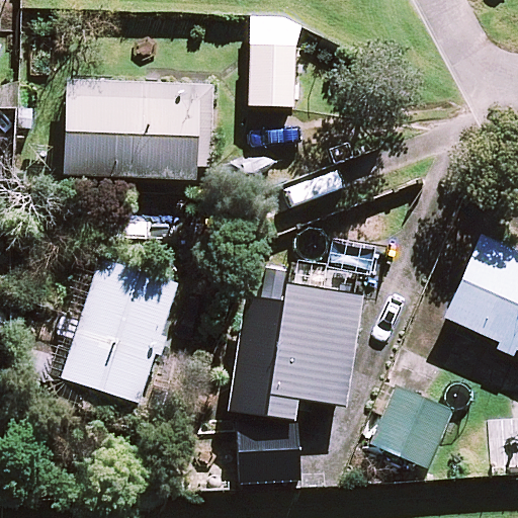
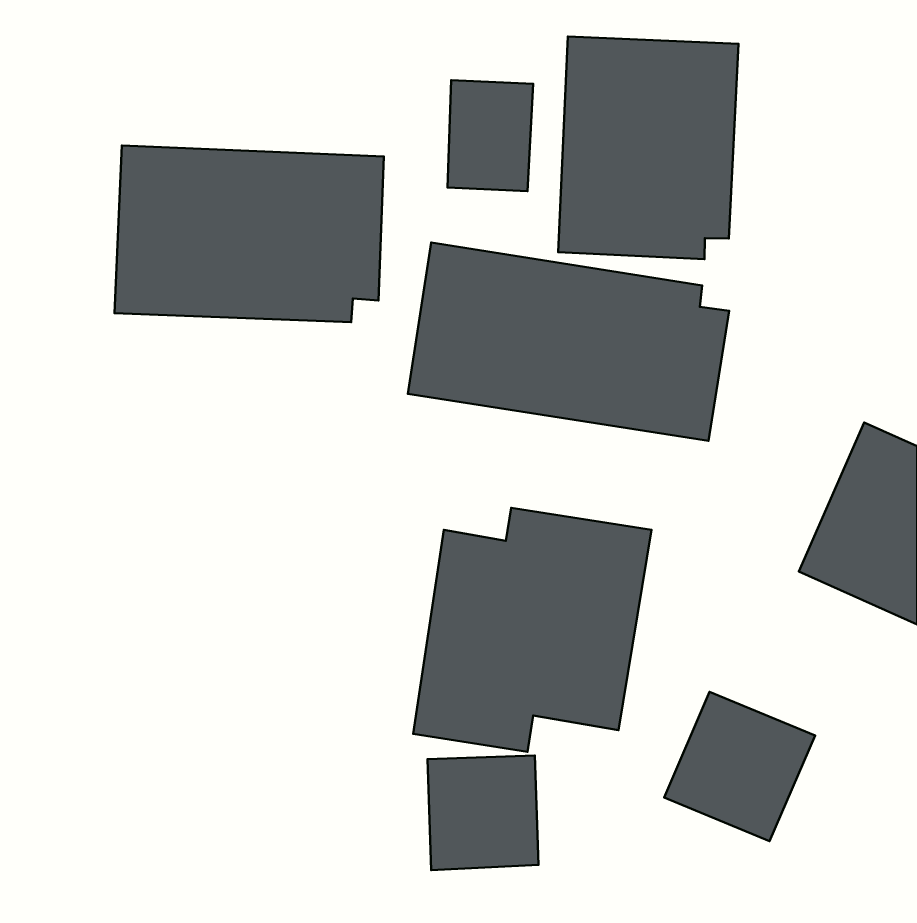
building: none -> [558,37,738,259]
building: none -> [408,242,729,441]
building: [61,257,178,401] -> none

